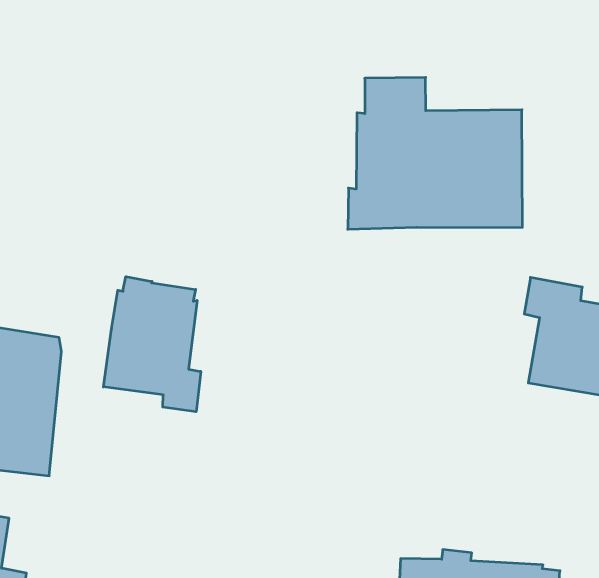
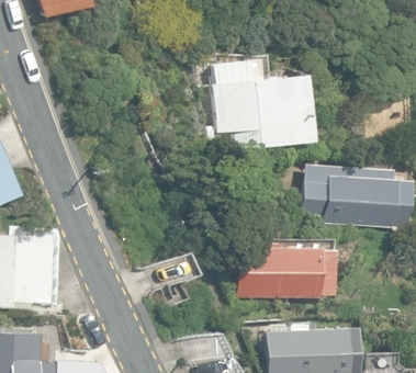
building: [103,277,201,412] -> none
building: none -> [231,242,333,298]

